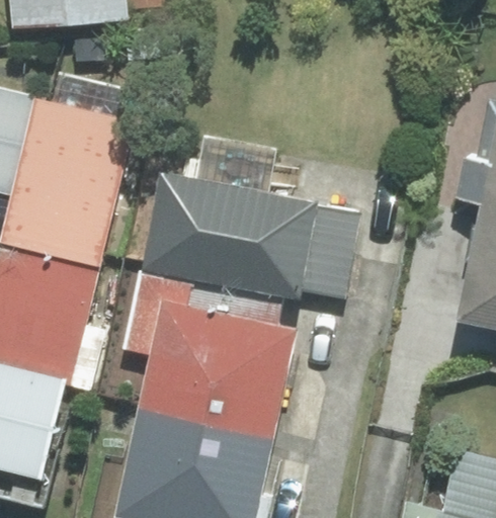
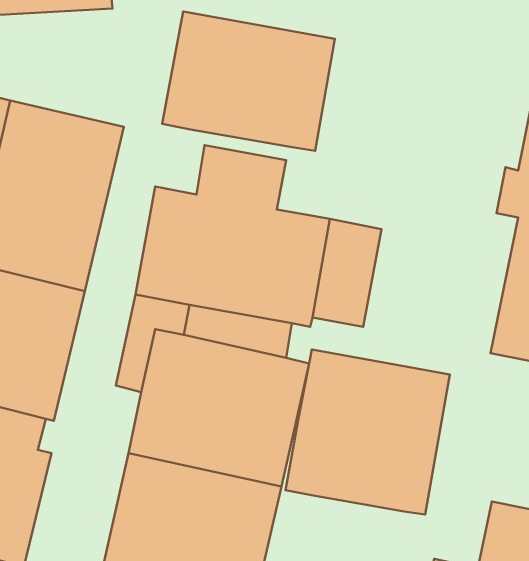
building: none -> [162,11,335,151]
building: none -> [286,349,450,514]

